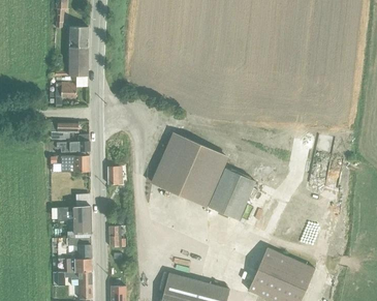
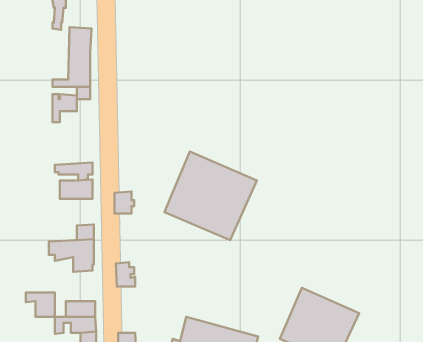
building: [51,121,77,138] -> none
building: [208,167,255,219] -> none
building: [66,237,91,258] -> [26,293,55,317]

